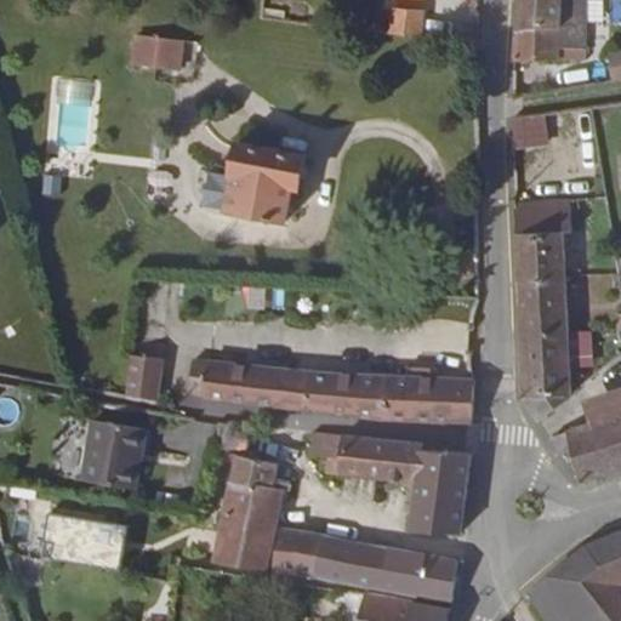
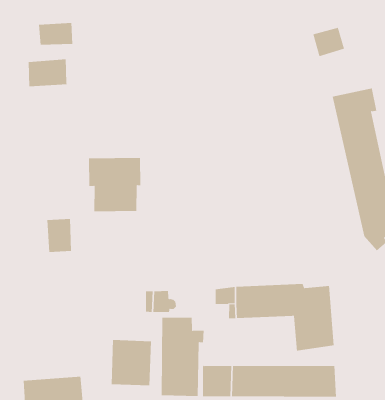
building: none -> [28,58,68,87]
building: [226,150,302,232] -> [88,158,141,212]
building: [200,353,474,422] -> none
building: [135,355,172,403] -> [47,219,72,252]
building: [78,421,142,491] -> [111,339,152,386]

